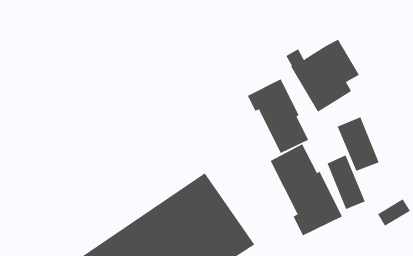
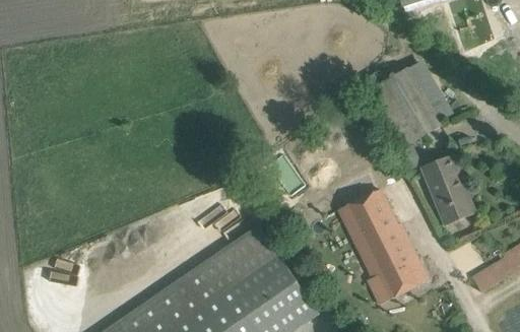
building: [247,78,309,154] -> none
building: [327,155,365,210] -> none

